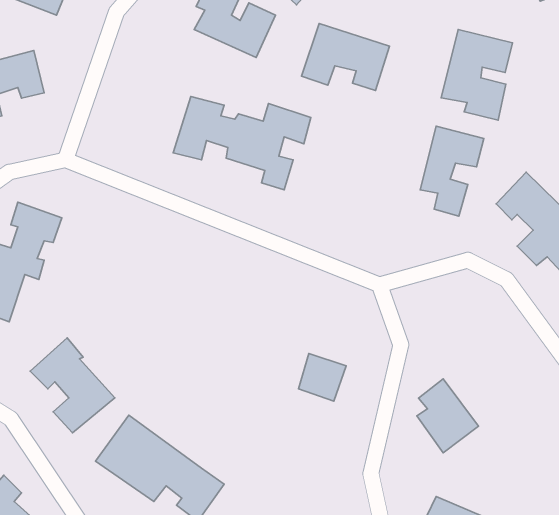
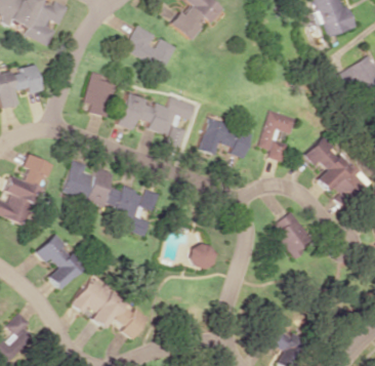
building: [301,23,390,90] -> [199,119,250,158]
building: [441,29,512,120] -> none
building: none -> [86,72,118,117]
building: none -> [65,160,161,236]
building: [417,379,479,453] -> [277,211,312,254]

